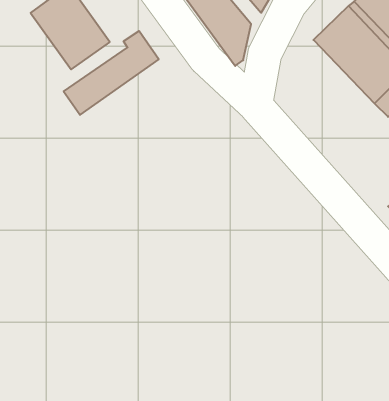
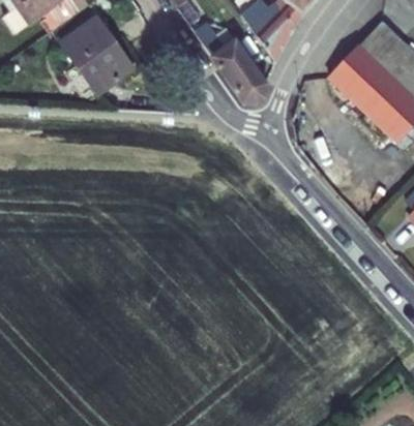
building: [64,31,159,115] -> none

